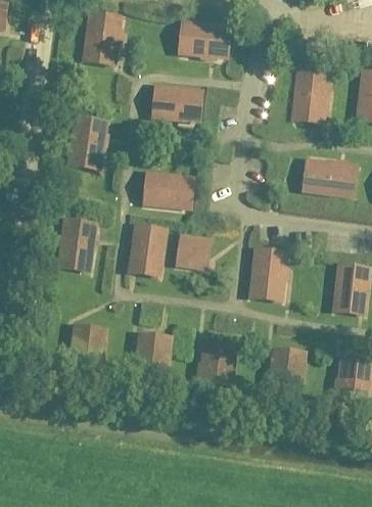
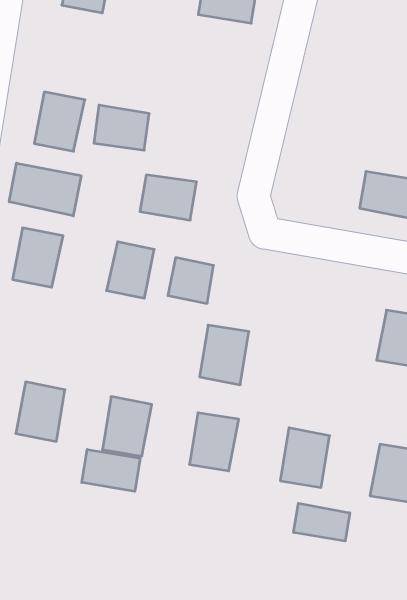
building: [294,68,326,109] -> none
building: [160,87,200,119] -> [94,105,149,150]
building: none -> [9,163,81,216]
building: [250,248,285,291] -> [200,325,249,385]
building: none -> [82,449,140,491]
building: none -> [294,503,350,541]

